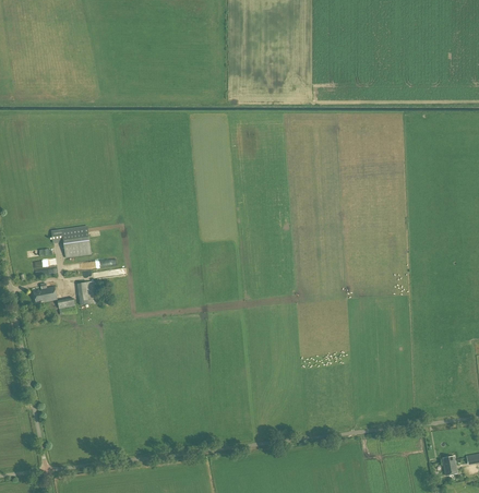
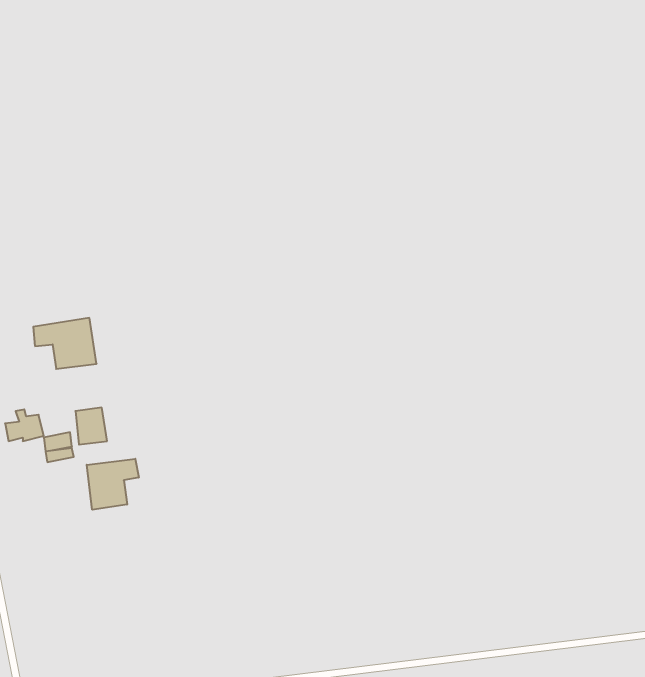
building: none -> [87,459,139,510]

